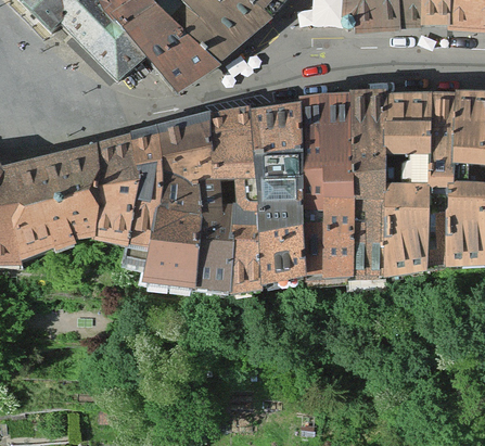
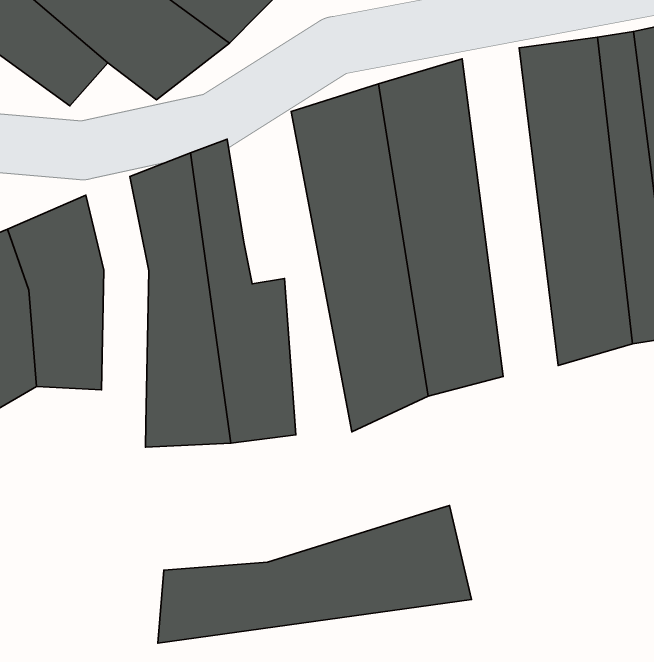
building: [335,90,373,271] -> none
building: [203,105,246,289] -> none
building: [107,127,148,266] -> none
building: none -> [158,505,471,643]

